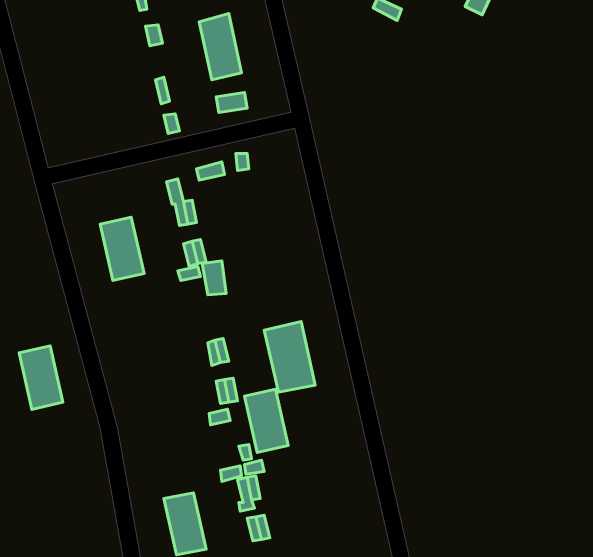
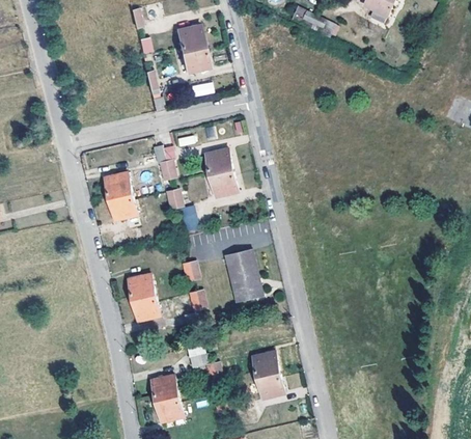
building: none -> [205,149,238,196]
building: [19,346,63,409] -> [128,274,160,321]
building: [244,389,288,453] -> [252,352,284,399]

